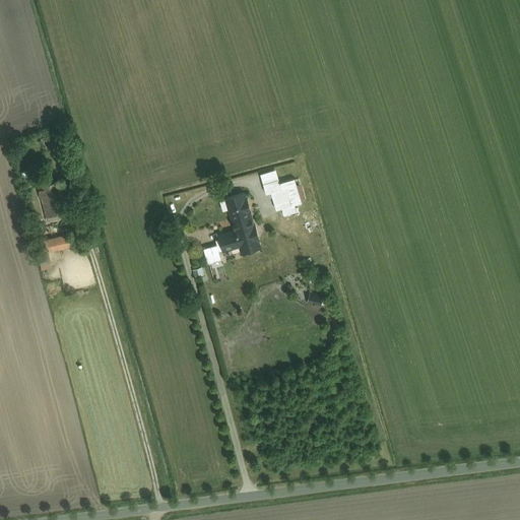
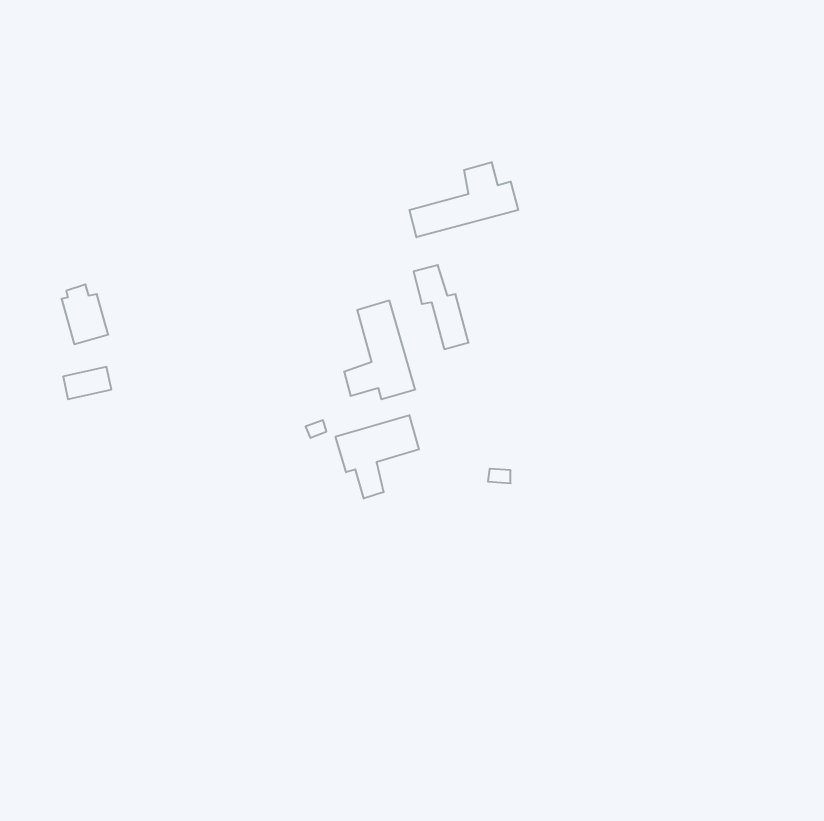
building: none -> [409,162,518,237]
building: none -> [336,415,419,499]

